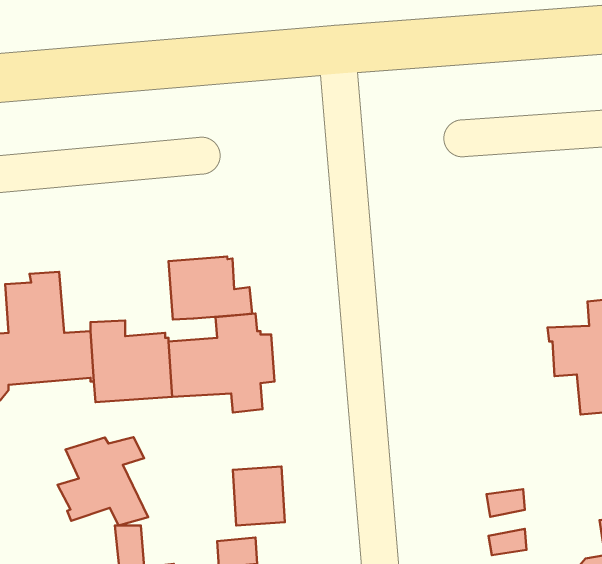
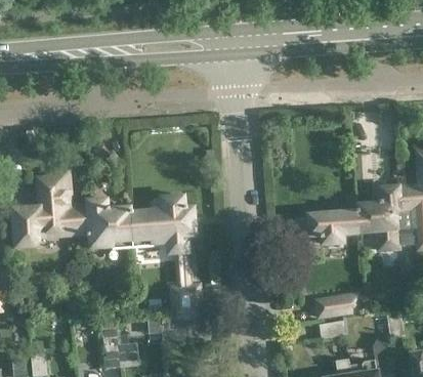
building: [169,257,252,320] -> none
building: none -> [299,212,361,245]
building: [58,437,148,525] -> none

